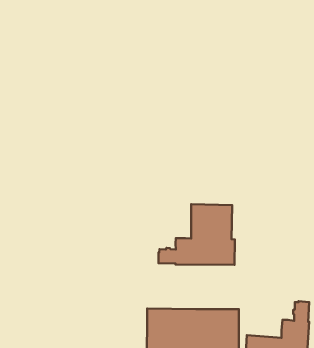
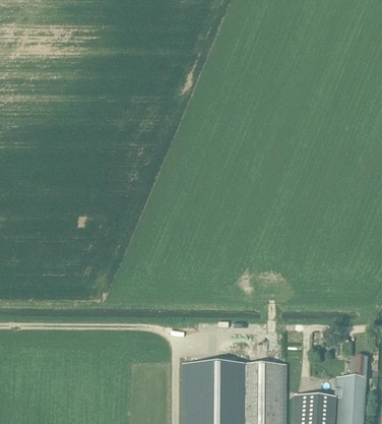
building: [159,204,235,265] -> none

